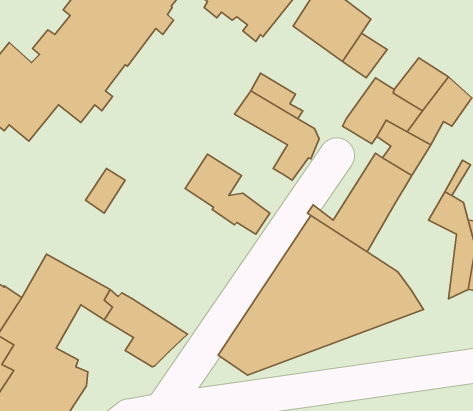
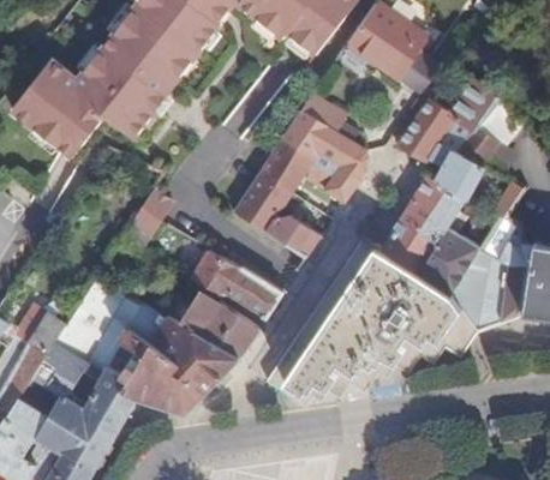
building: none -> [258,134,340,197]
building: none -> [422,227,513,334]
building: none -> [192,250,282,317]
building: none -> [181,293,257,359]
building: none -> [103,329,202,412]

